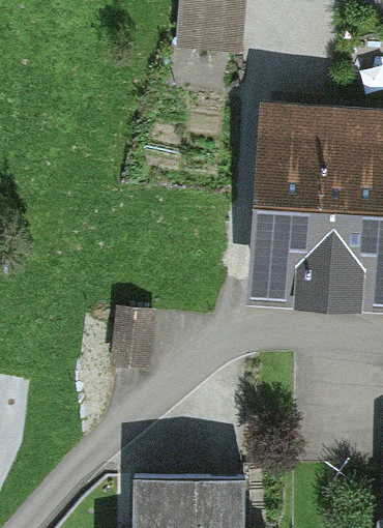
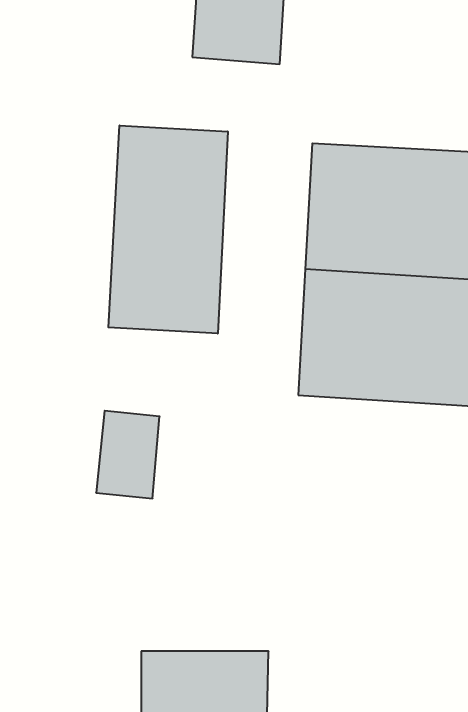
building: none -> [108,125,228,334]

